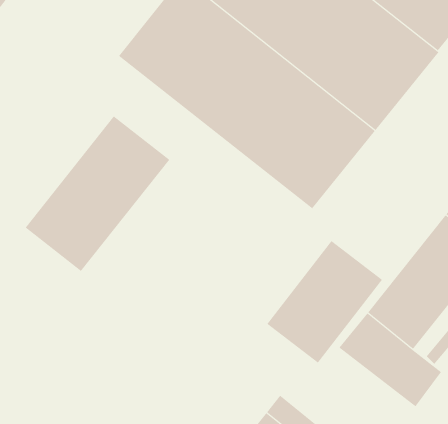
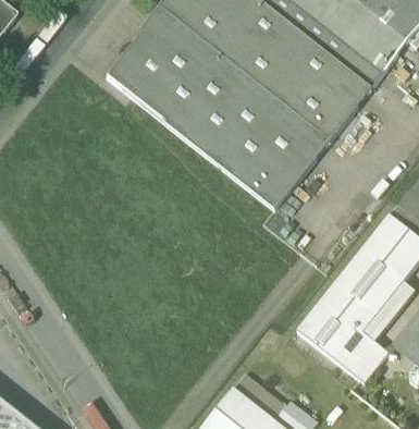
building: [25,115,170,272] -> none
building: [266,240,383,364] -> none

